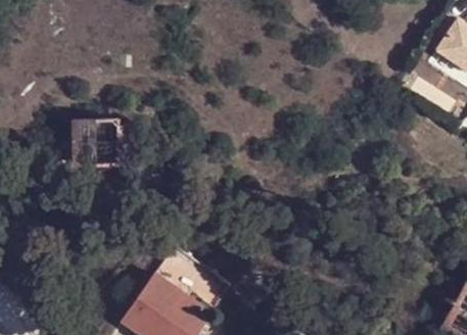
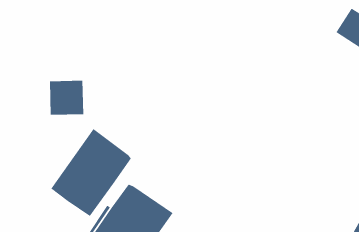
building: none -> [51,128,132,217]

